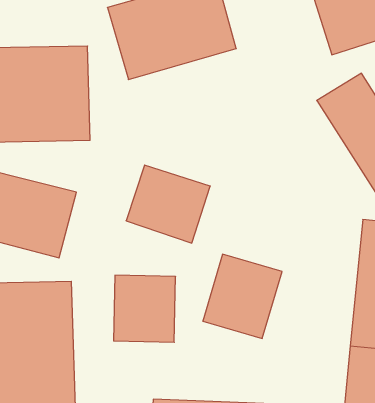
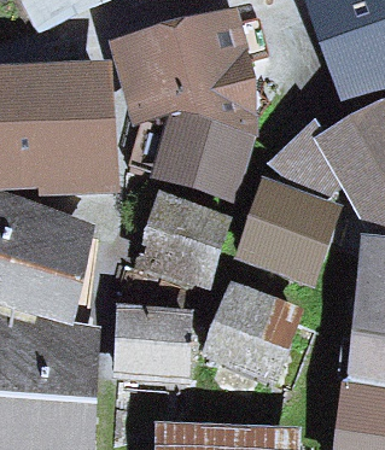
building: none -> [167,122,253,205]
building: none -> [251,189,338,274]

